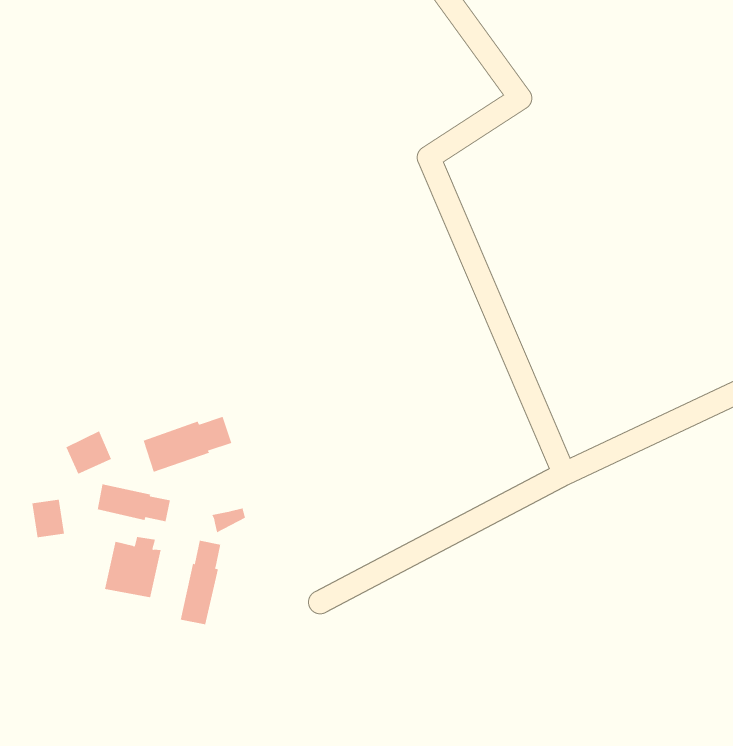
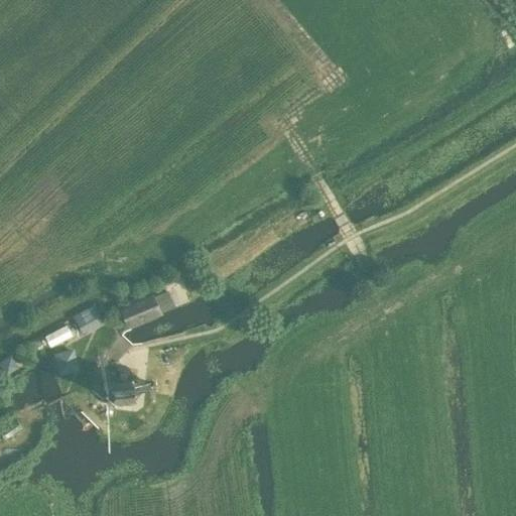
building: [97,483,171,522] -> none
building: [180,540,221,625] -> none

